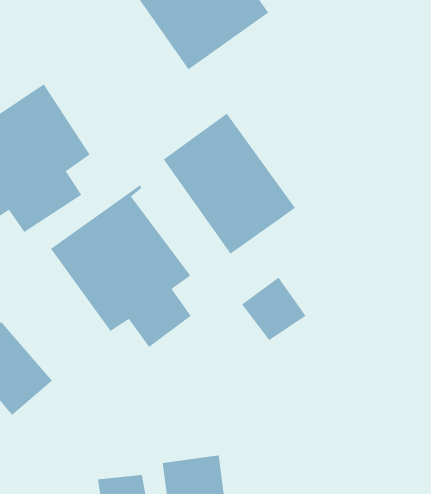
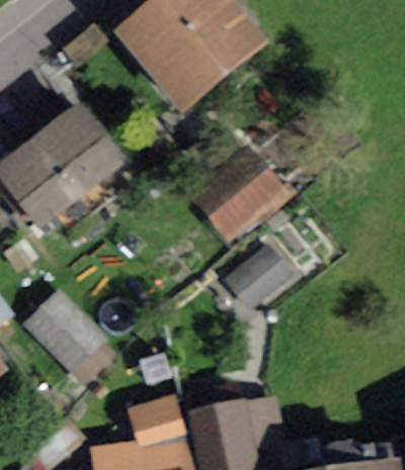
building: [50,184,191,348] -> none

